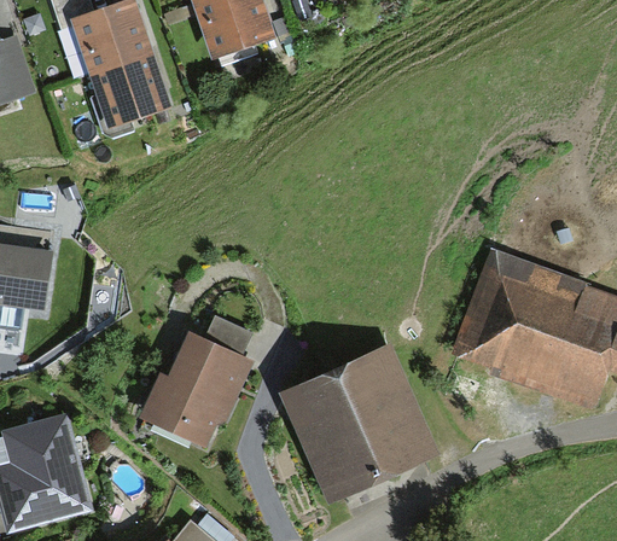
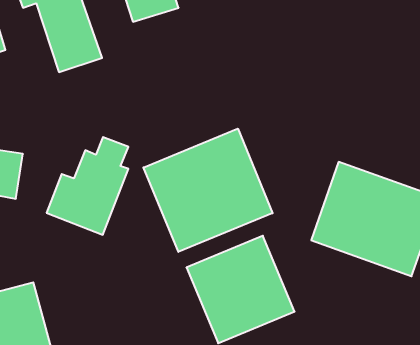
building: none -> [143,129,273,252]
building: [132,318,244,452] -> [47,137,128,235]

